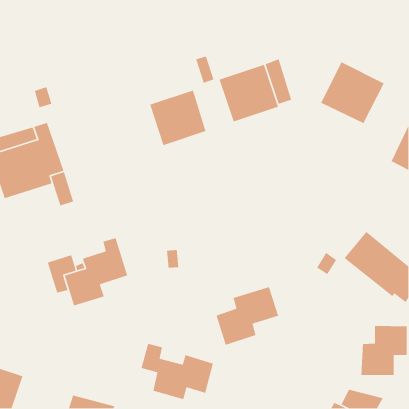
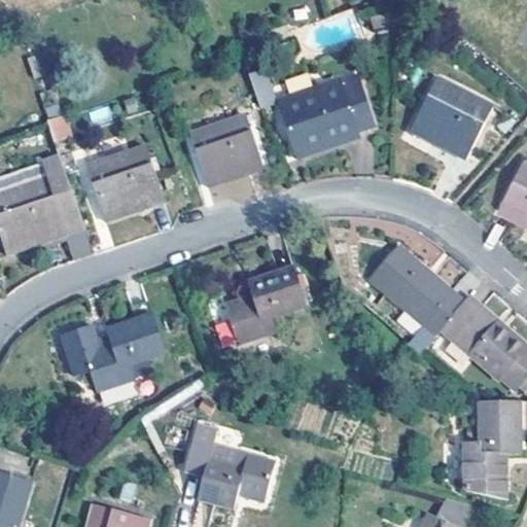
building: none -> [85,145,165,221]
building: none -> [371,245,464,332]
building: [215,286,279,346] -> [224,268,306,344]

